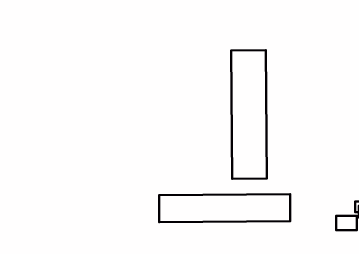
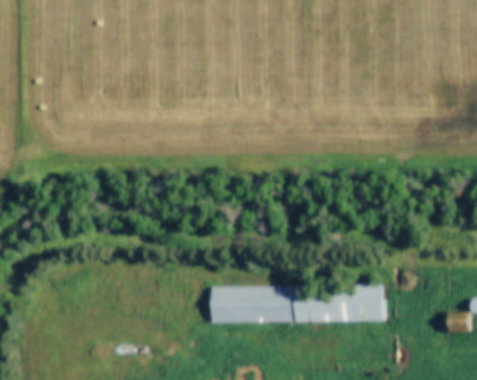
building: [231,50,267,179] -> none

